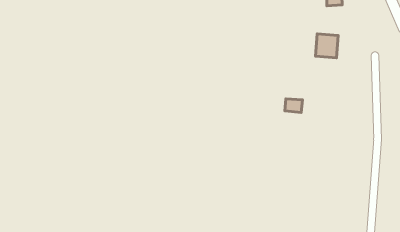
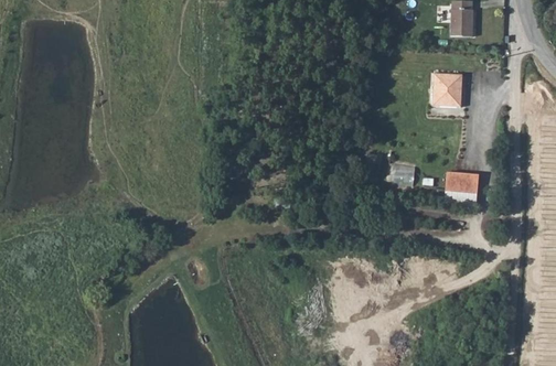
building: none -> [449,173,481,195]

